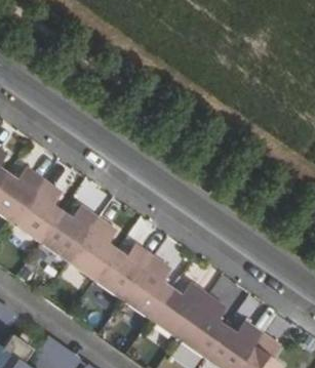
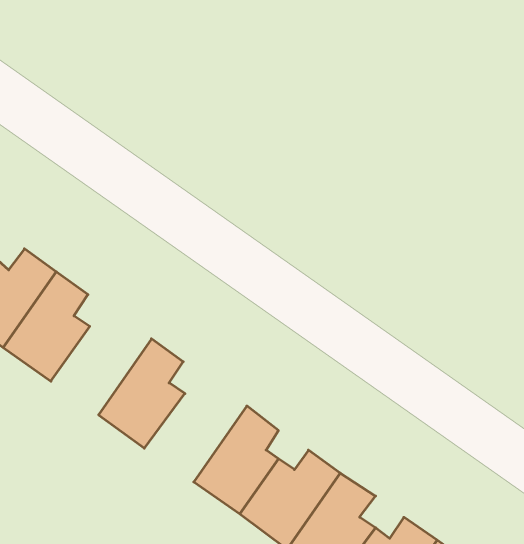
building: [39,200,97,257] -> none
building: [93,239,153,296] -> none

